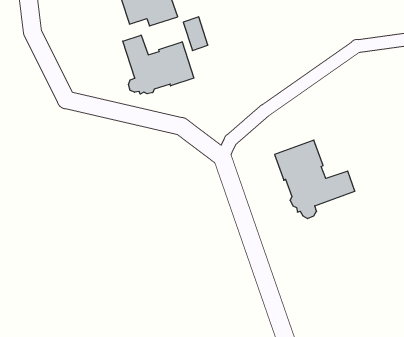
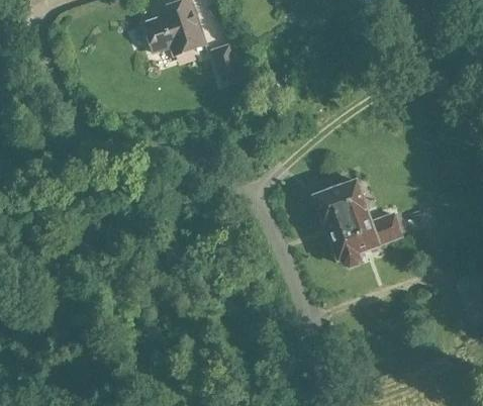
building: [123,35,194,94] -> none

